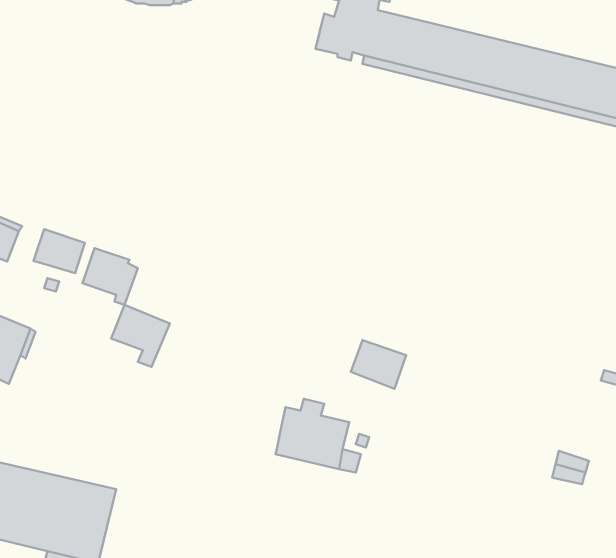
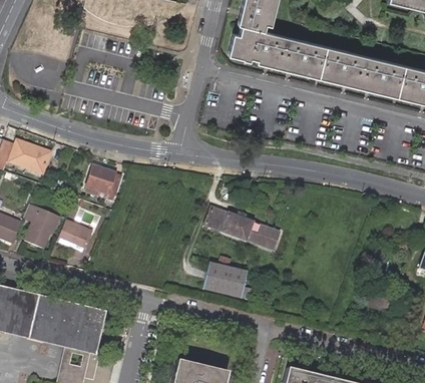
building: [34,229,85,273] -> none
building: [111,305,170,367] -> [56,220,91,257]
building: none -> [206,208,255,242]

